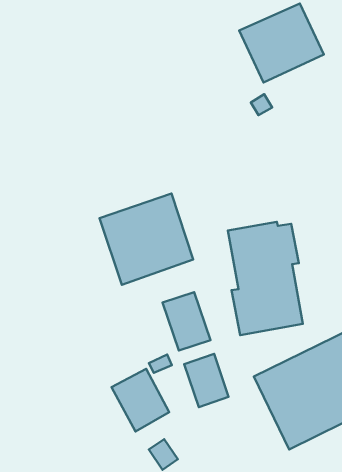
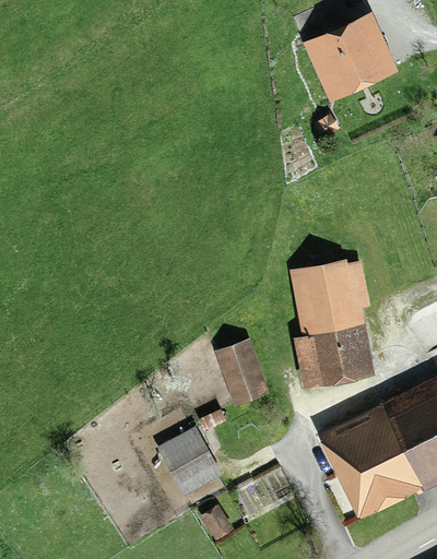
building: [99,194,193,285] -> none
building: [184,354,229,407] -> none

